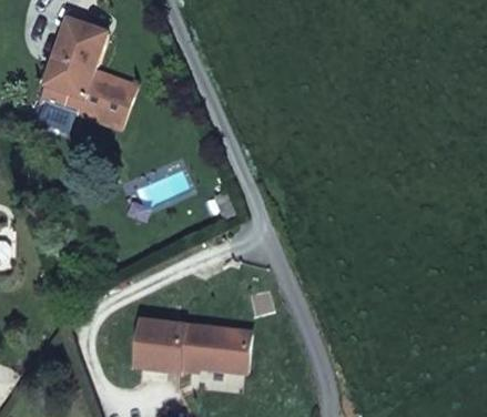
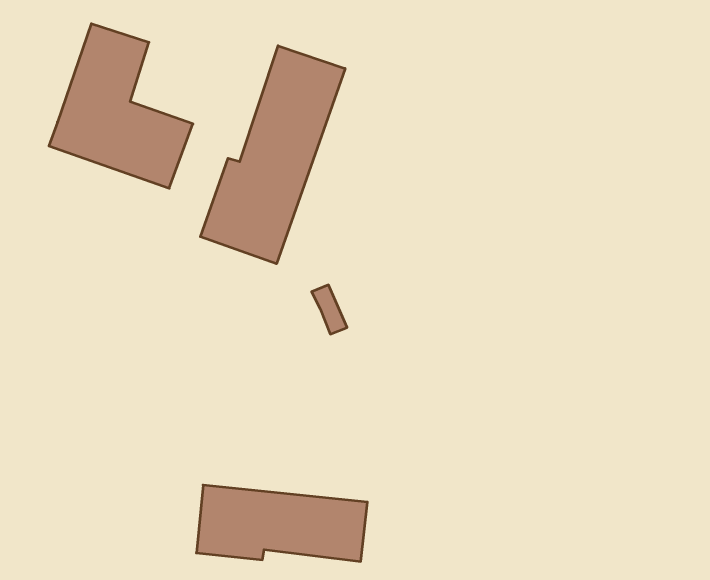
building: none -> [200,46,345,264]

